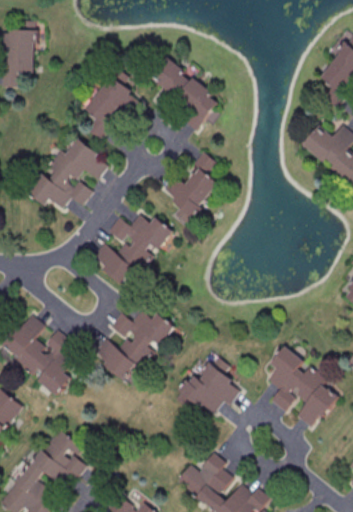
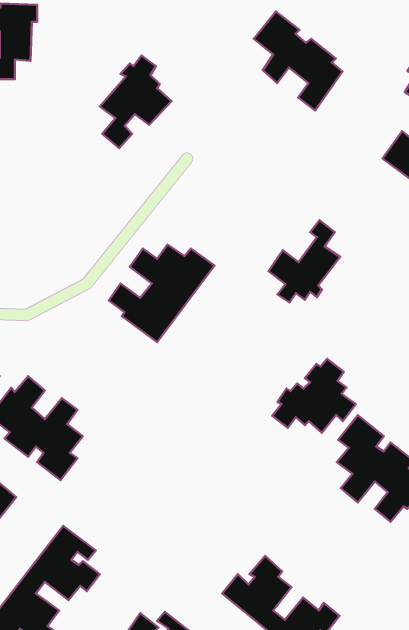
building: [150,55,218,131] -> [254,12,342,111]
building: [28,138,107,209] -> none
building: [163,152,218,215] -> [268,220,340,302]
building: [91,311,175,381] -> none
building: [175,356,239,413] -> [272,359,356,433]

